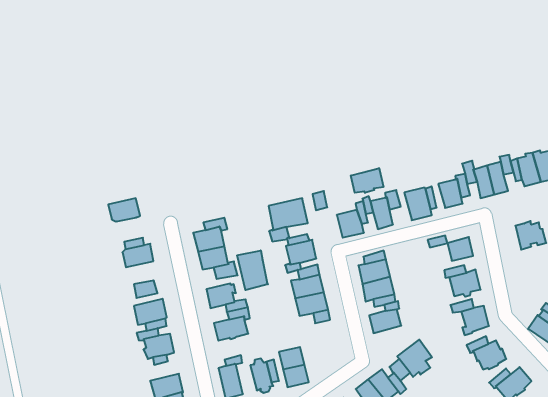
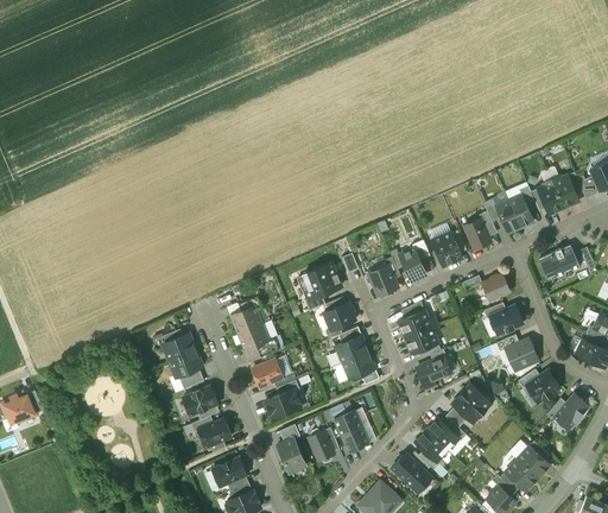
building: [351,168,383,193] -> none
building: [108,198,140,221] -> [169,350,202,376]
building: [237,250,268,290] -> none

